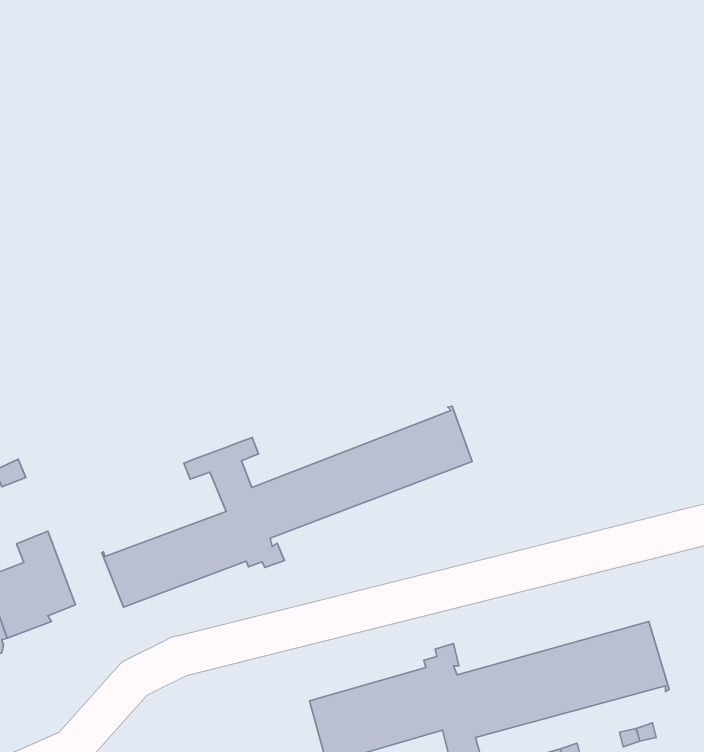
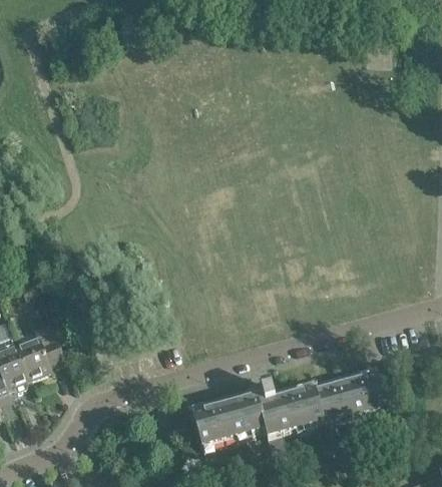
building: [102,406,472,607] -> none

